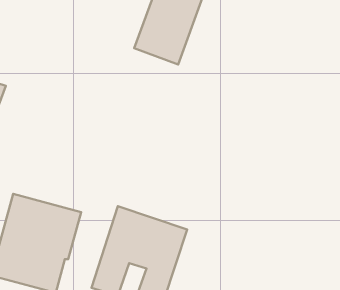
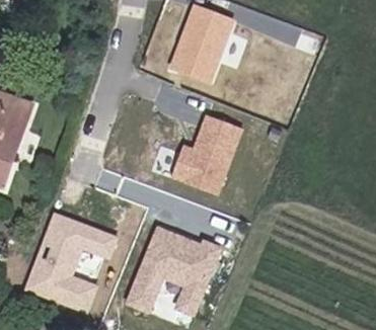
building: none -> [166,109,242,195]

